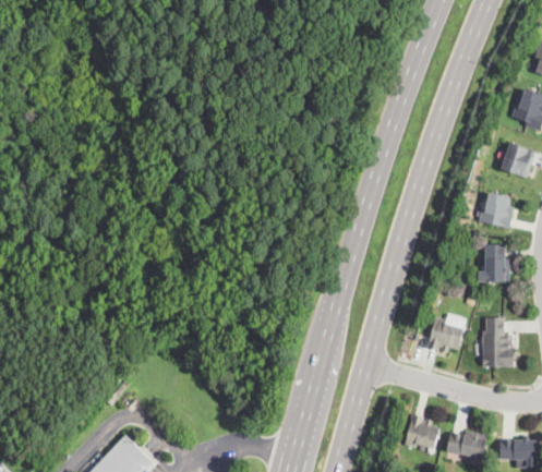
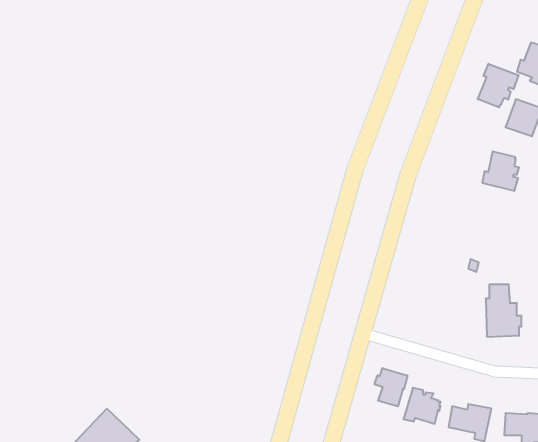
building: none -> [478,64,518,107]
building: [479,244,509,281] -> none
building: [427,317,462,354] -> none
building: none -> [375,368,407,406]

